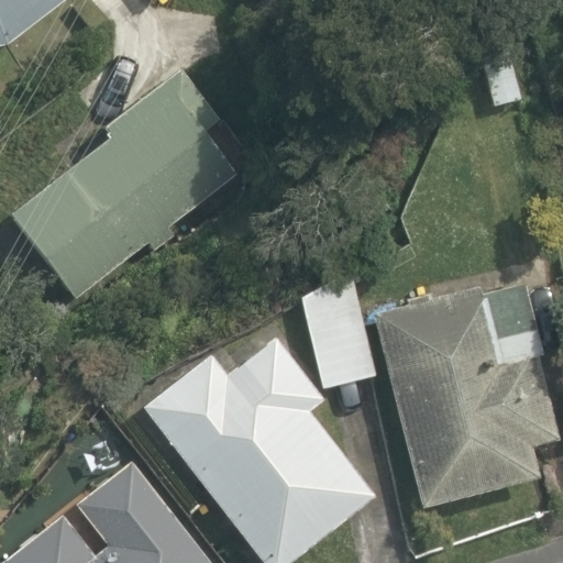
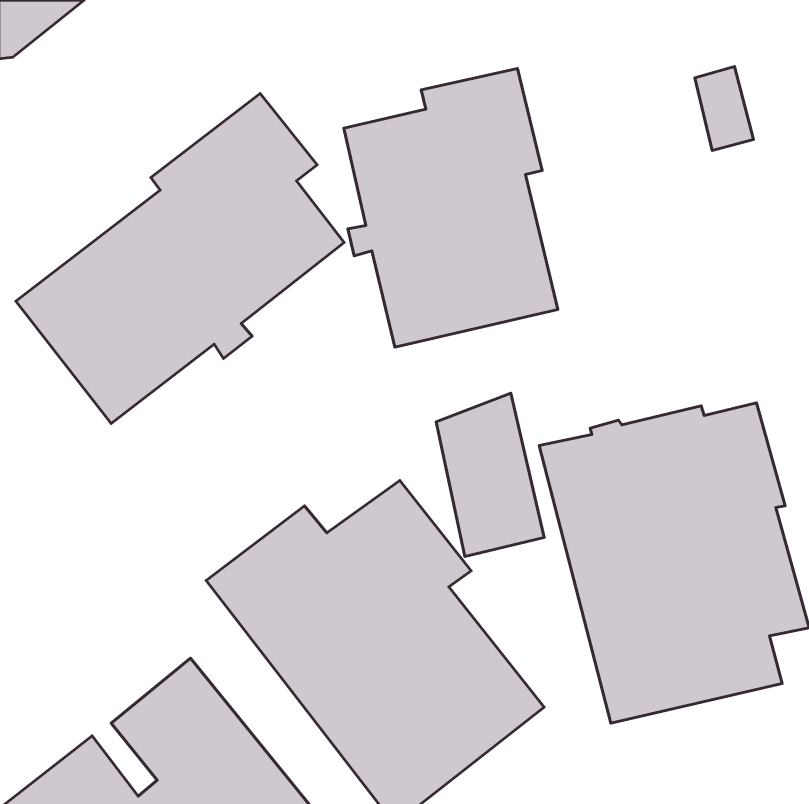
building: none -> [344,68,558,347]

